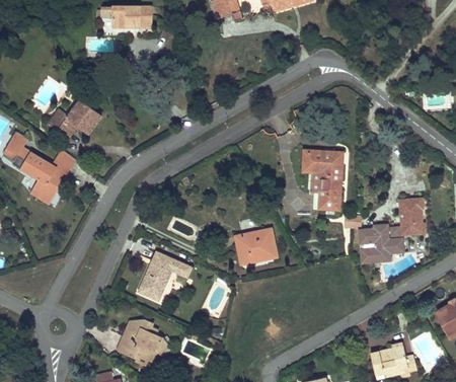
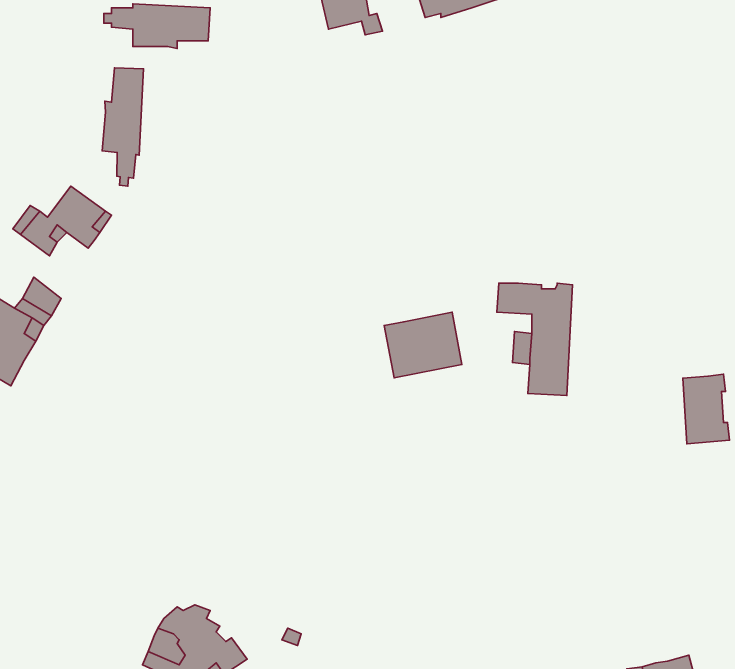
building: none -> [102,68,143,186]
building: [360,227,404,264] -> none
building: [236,229,277,263] -> [384,312,462,378]
building: [138,250,193,302] -> none

